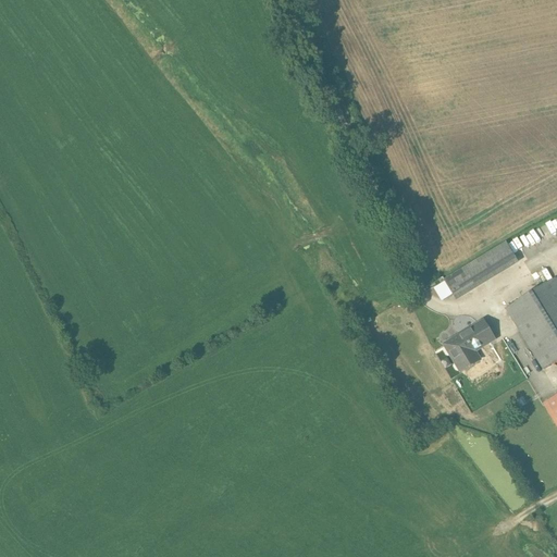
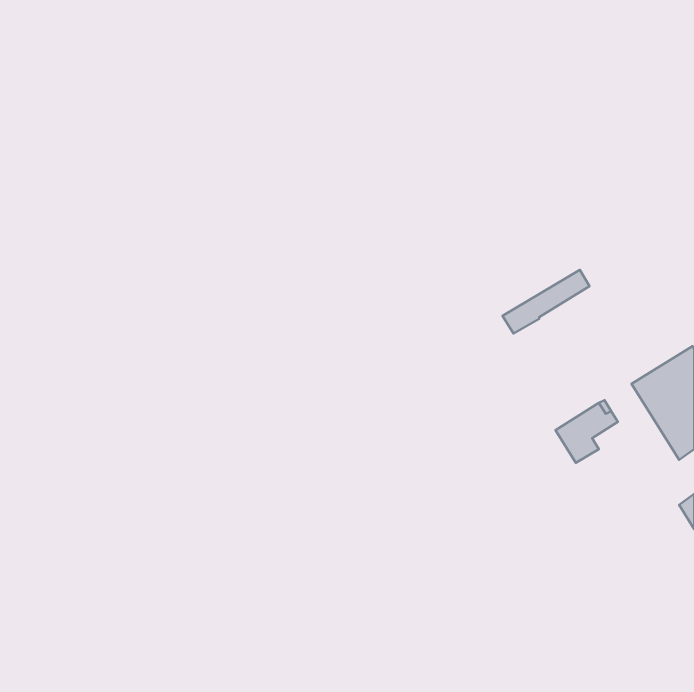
building: [445,243,515,294] -> [503,270,589,334]

